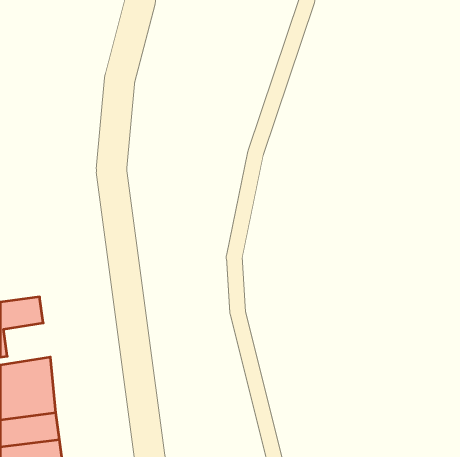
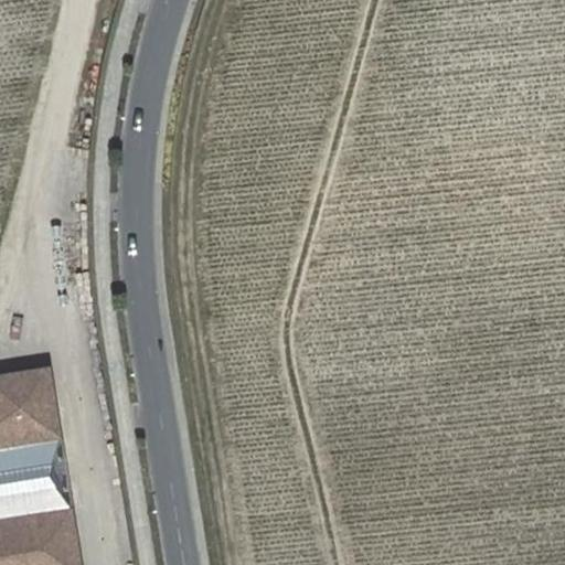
building: none -> [4,399,58,440]

